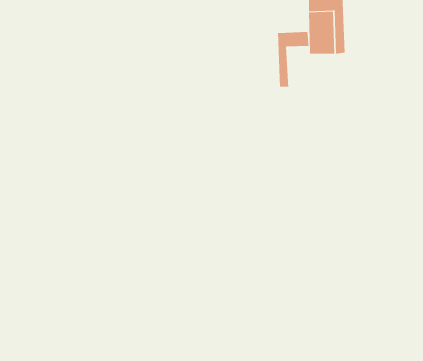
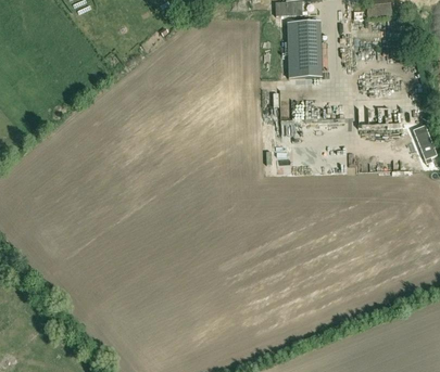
building: [277,31,309,88] -> none

